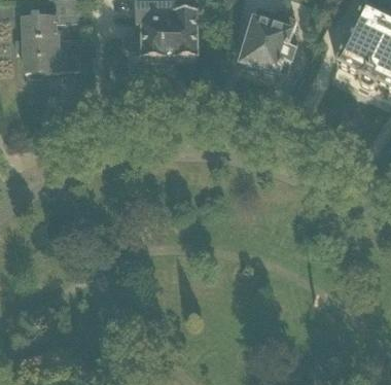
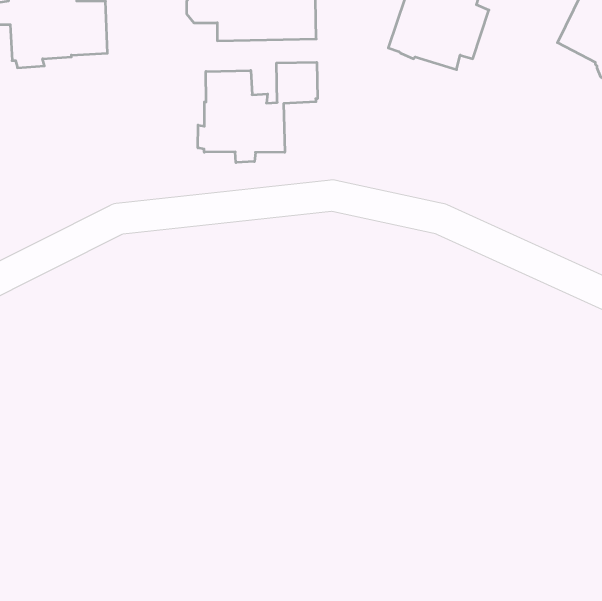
building: none -> [198,62,317,163]

